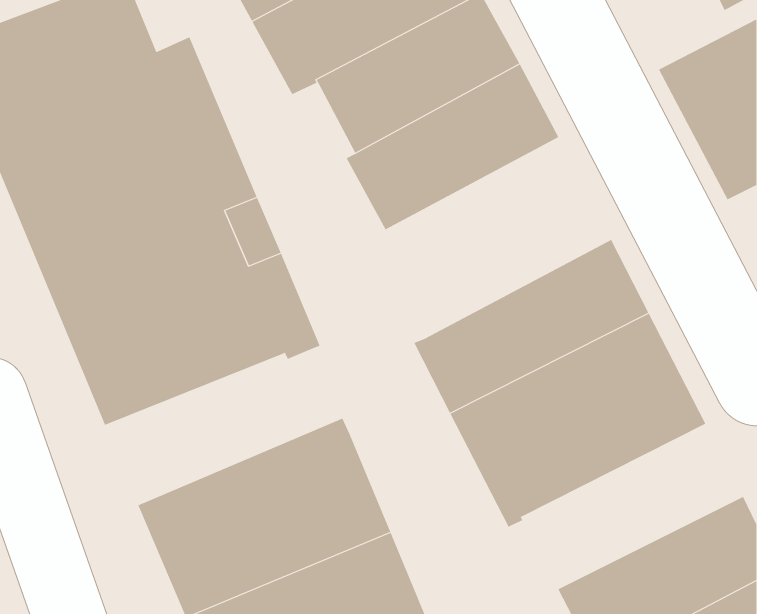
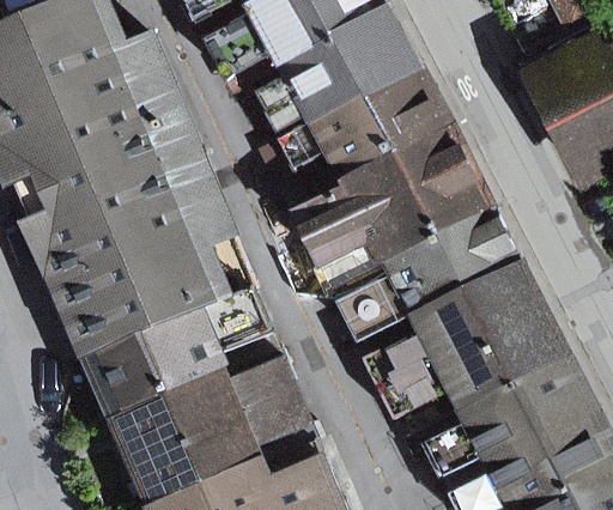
building: none -> [291,115,488,275]
building: none -> [84,284,274,408]
building: none -> [406,344,594,475]

